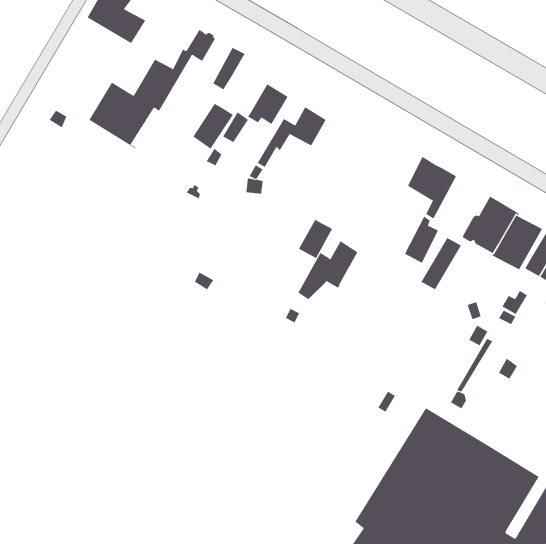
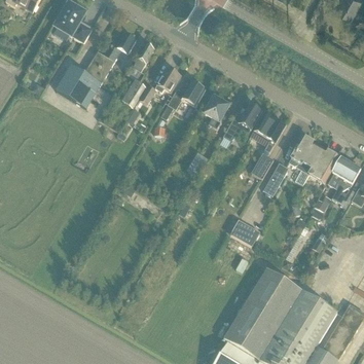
building: none -> [202,96,229,130]
building: [297,240,358,300] -> [222,105,260,142]
building: none -> [229,220,259,247]

